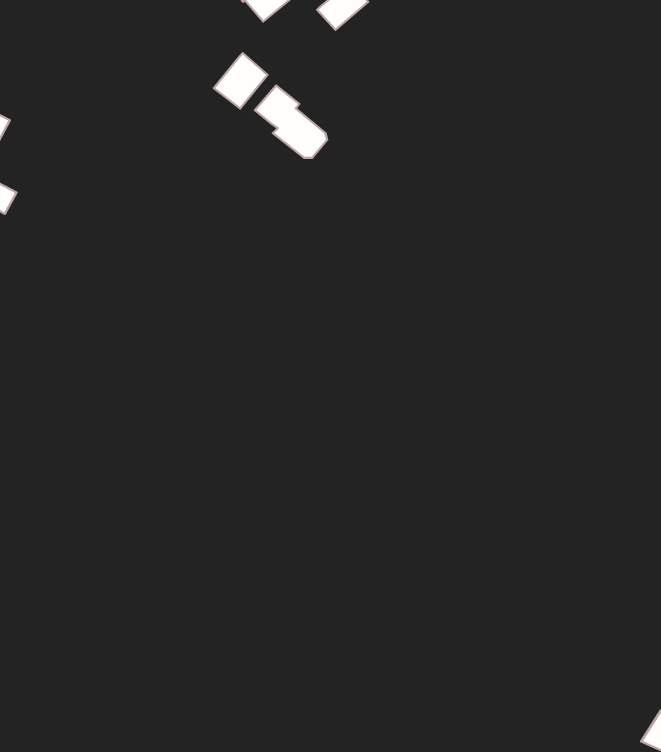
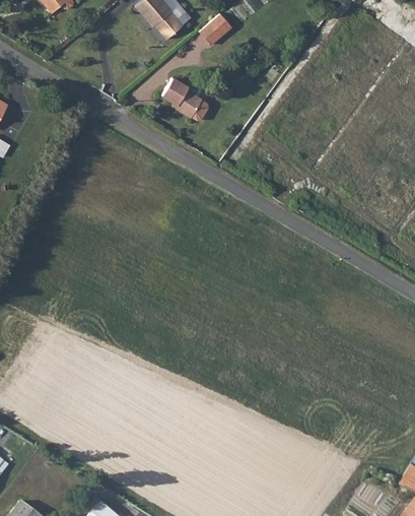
building: [214,53,268,108] -> none

